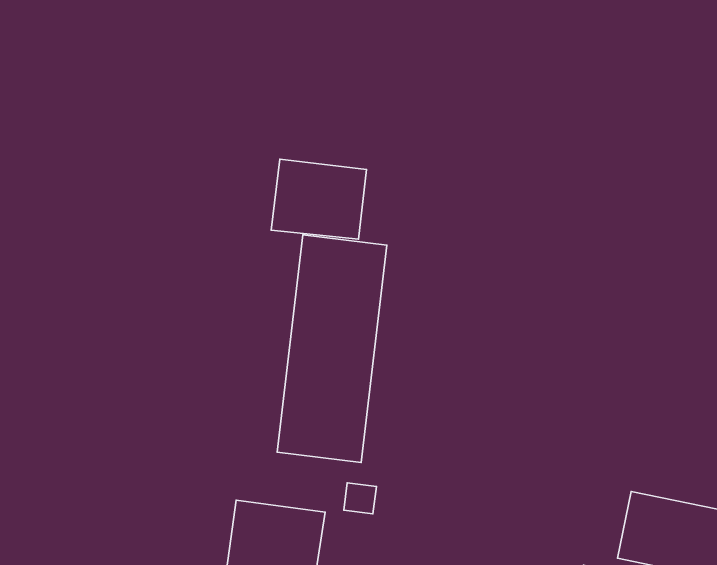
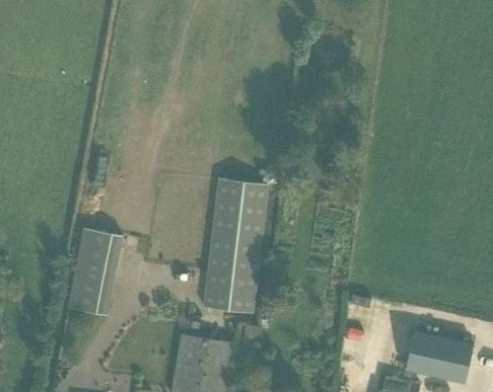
building: [271,159,367,239] -> none
building: none -> [71,226,127,315]

